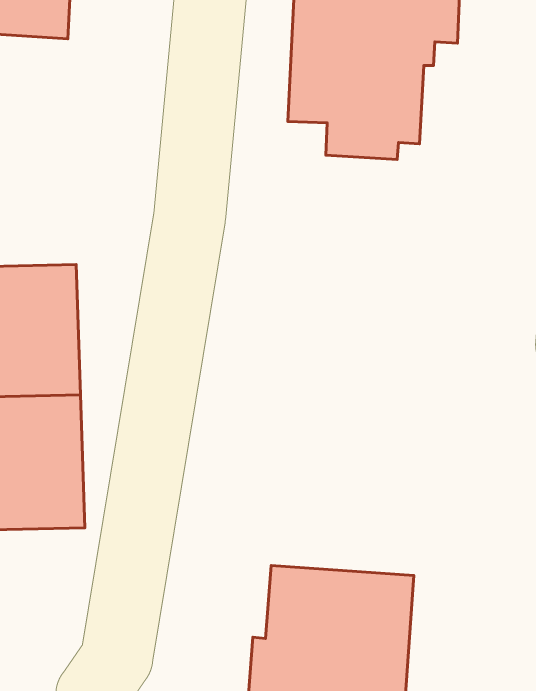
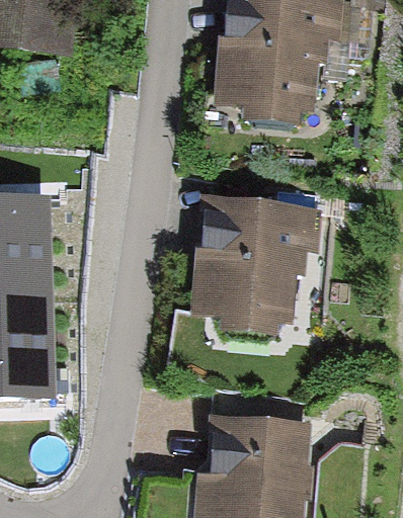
building: none -> [192,201,321,337]

